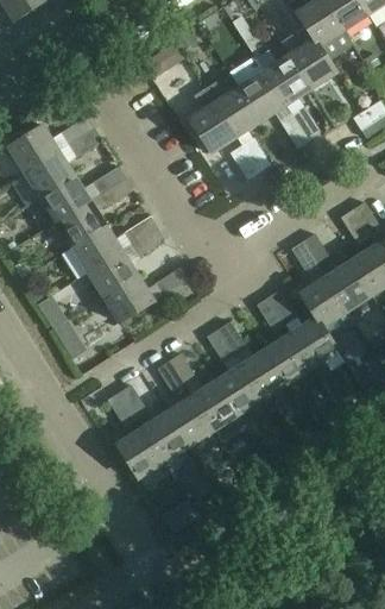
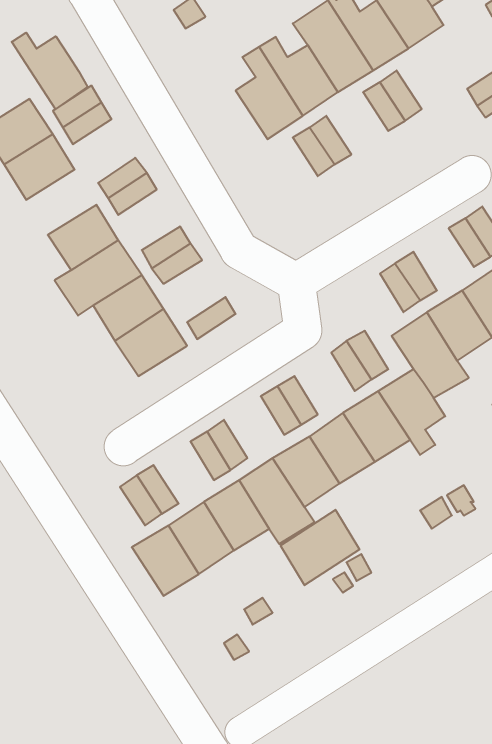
building: none -> [12,33,88,109]
building: [39,175,89,221] -> none
building: none -> [281,510,359,585]

